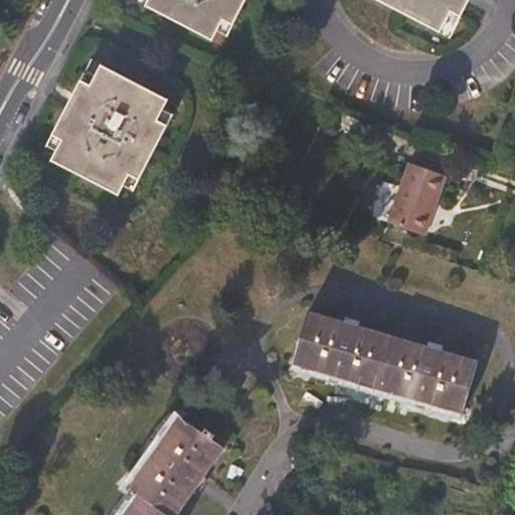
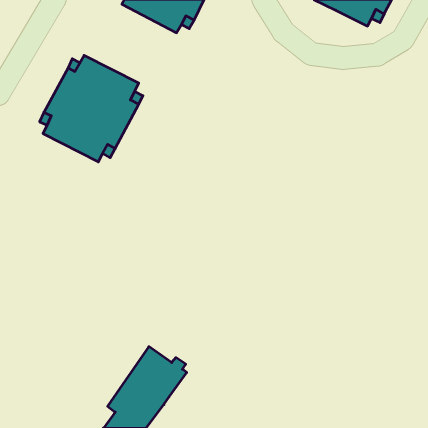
building: [388,162,444,234] -> none
building: [293,312,475,411] -> none

